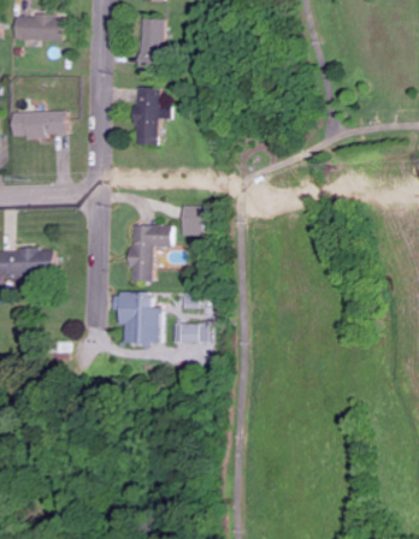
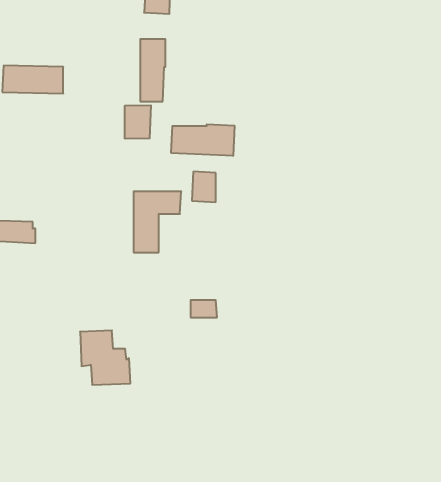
building: none -> [125,105,151,139]
building: none -> [171,124,234,156]
building: [117,292,163,342] -> [80,330,130,385]

